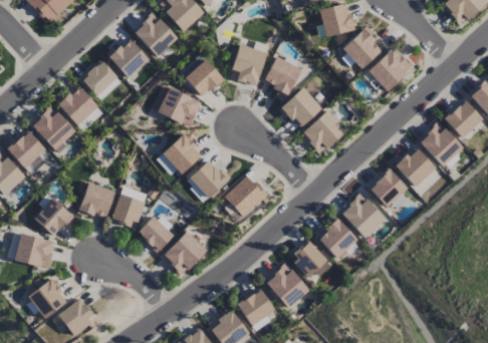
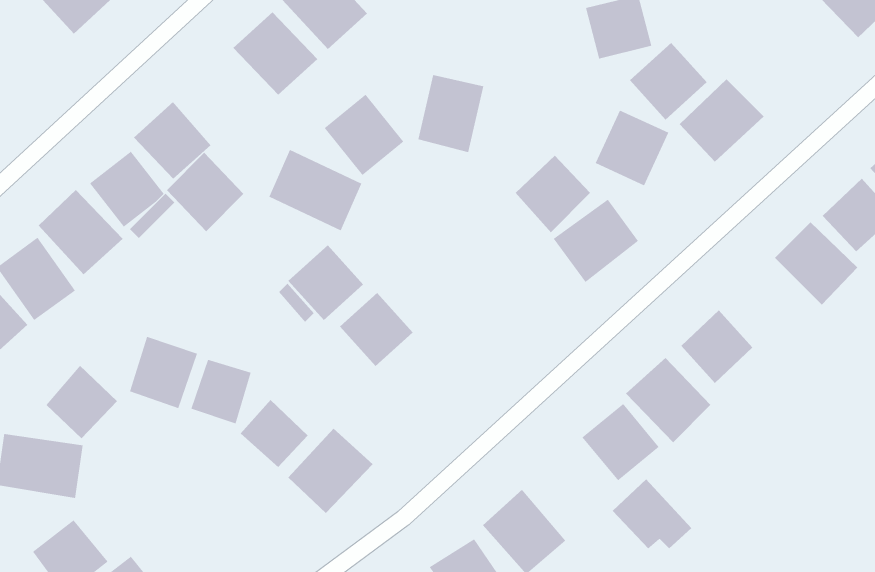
building: [108,37,150,79] -> [166,152,244,232]
building: [263,56,302,96] -> [595,110,669,186]
building: [396,146,436,187] -> none
building: [220,175,268,222] -> none
building: [290,240,332,277] -> [612,479,692,549]

